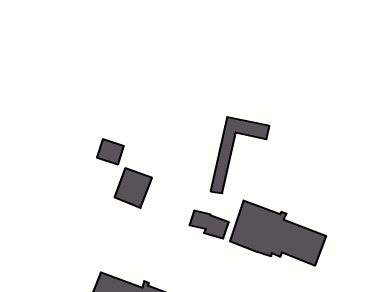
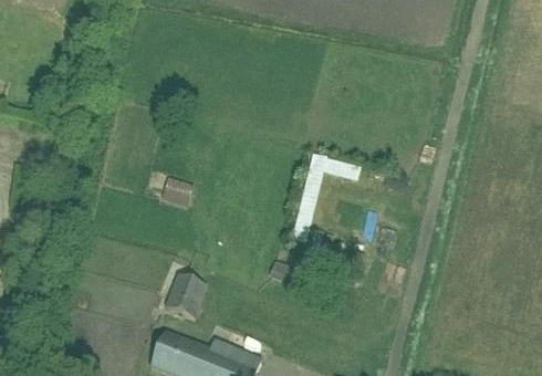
building: [115,168,152,208] -> [164,272,207,317]
building: [230,200,326,266] -> none

